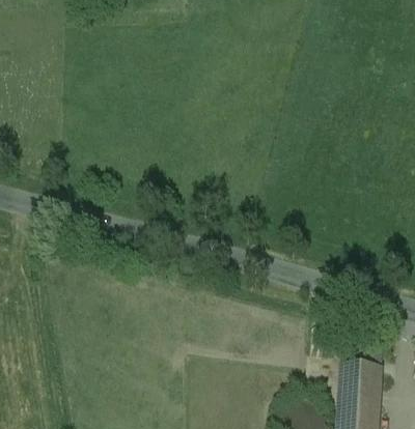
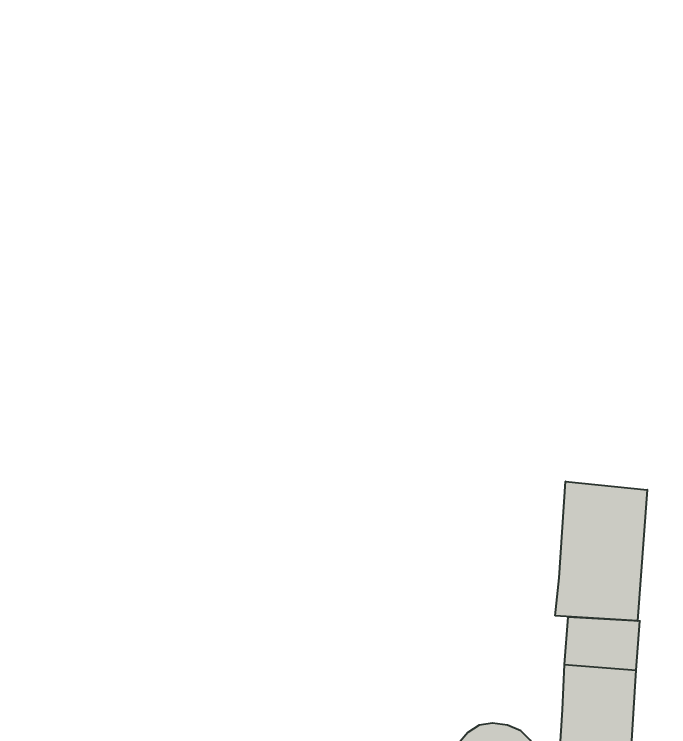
building: none -> [555,481,647,621]

